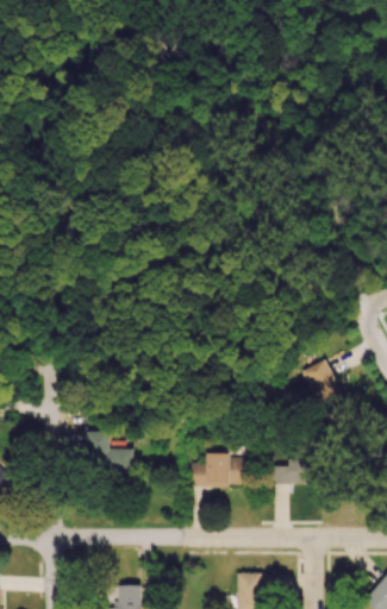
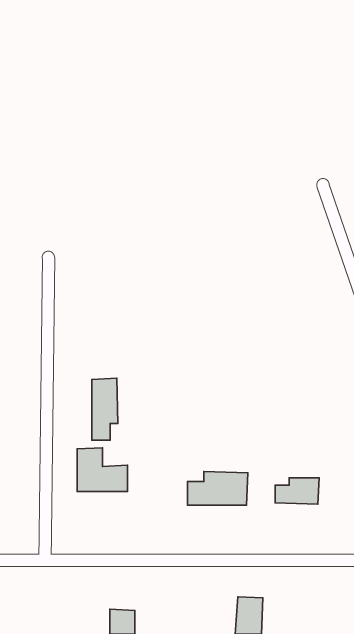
building: [302,359,343,410] -> none
building: none -> [92,378,118,440]

